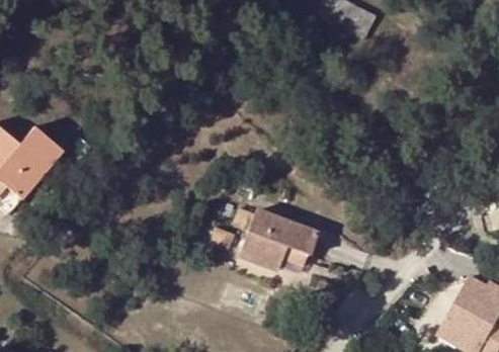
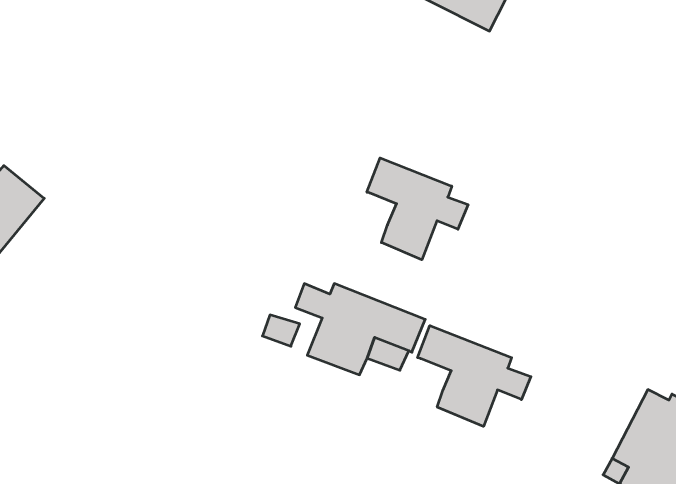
building: none -> [367,158,468,260]
building: none -> [418,326,531,426]

